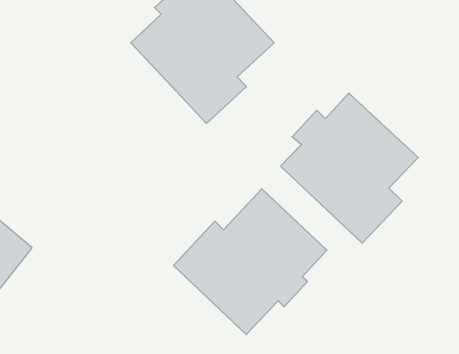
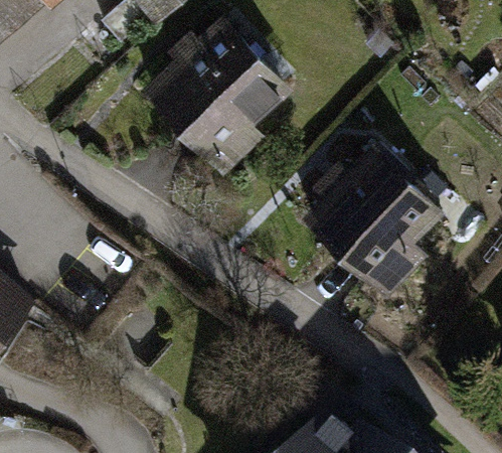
building: [173,189,327,335] -> none

